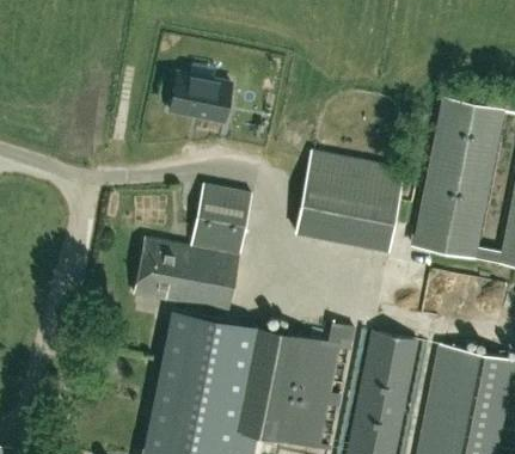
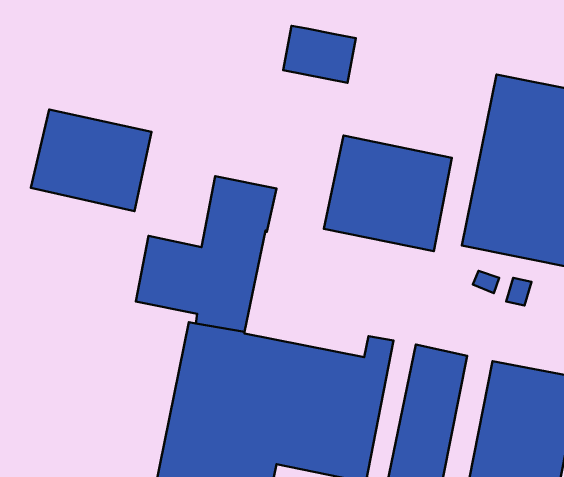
building: [170,73,232,122] -> [283,26,356,83]
building: none -> [31,109,152,211]

